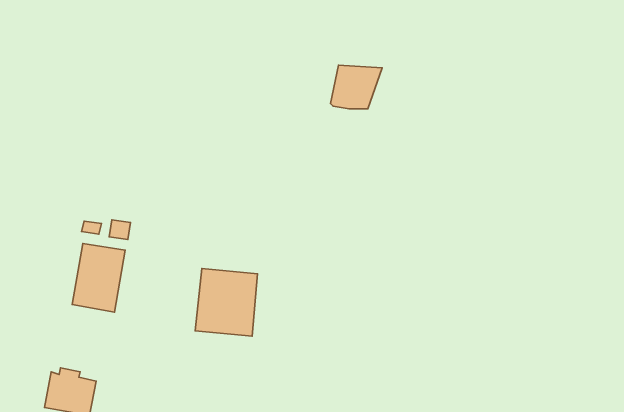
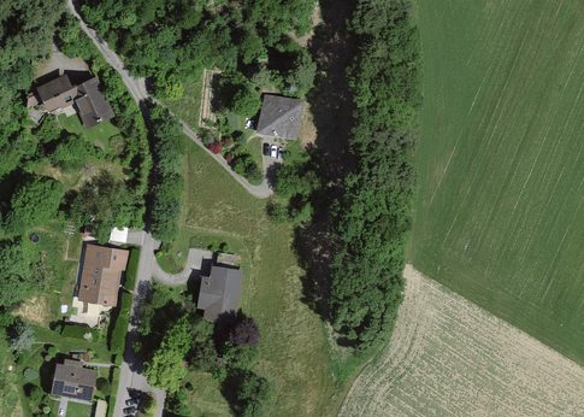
building: none -> [34,63,111,125]
building: [331,65,382,109] -> [259,96,306,136]

